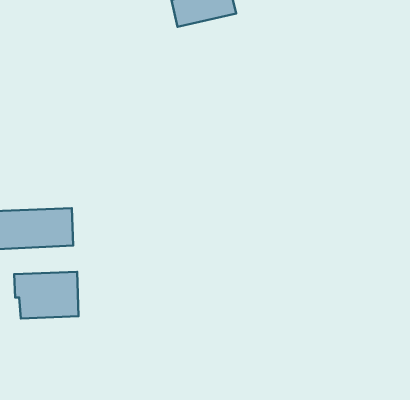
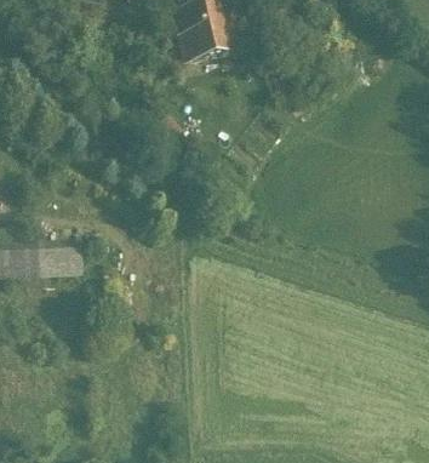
building: [14,272,78,318] -> none

